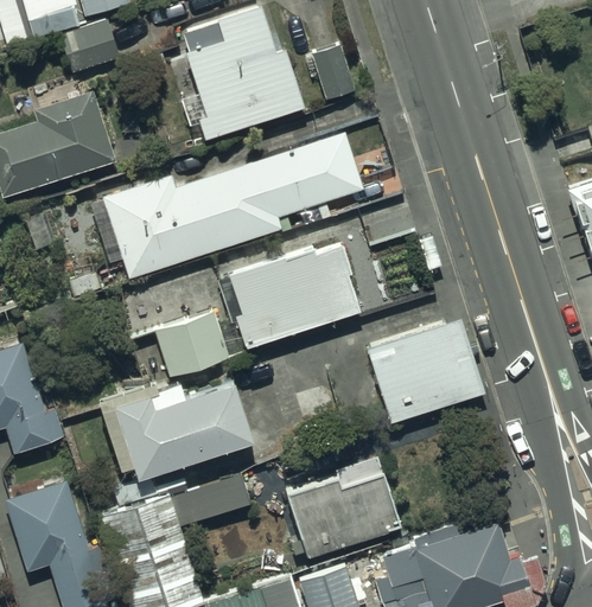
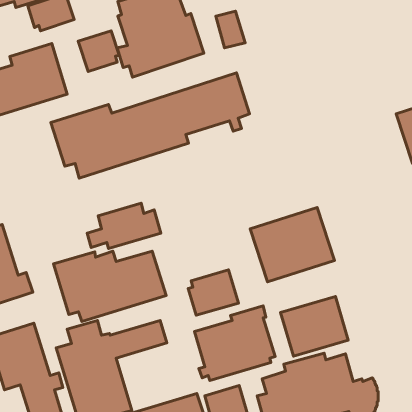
building: none -> [78,31,119,71]
building: [221,245,359,346] -> none
building: none -> [188,270,239,315]
building: none -> [281,296,348,356]

